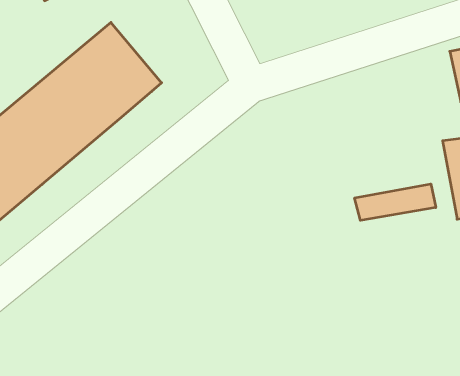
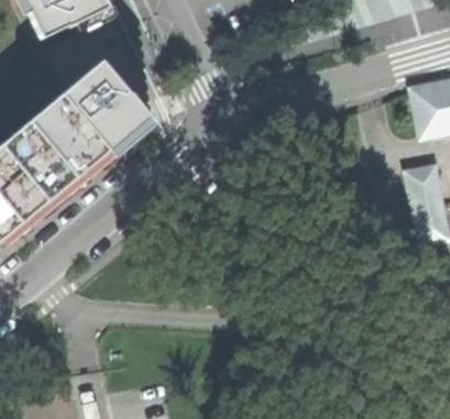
building: [355,184,436,220] -> none

